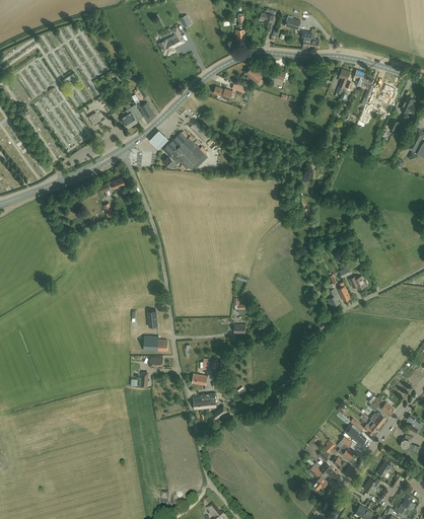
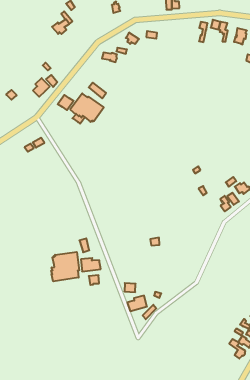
building: none -> [51,252,79,281]

